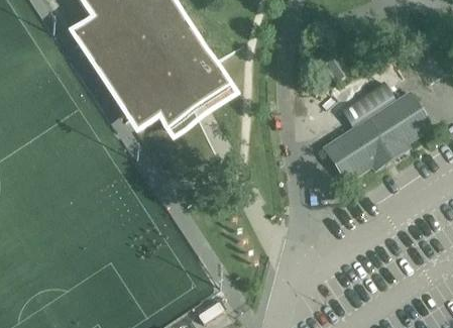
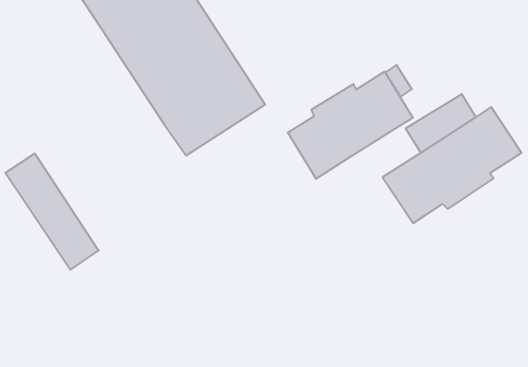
building: [78,27,151,119] -> [5,154,99,270]
building: none -> [288,71,413,179]

